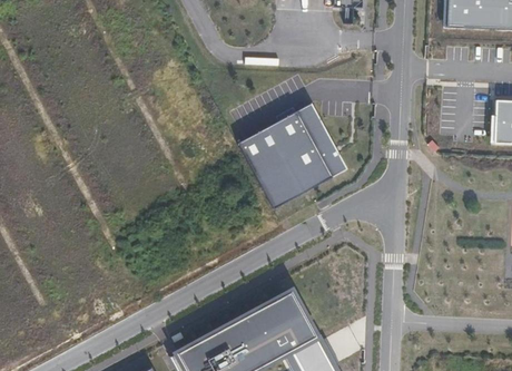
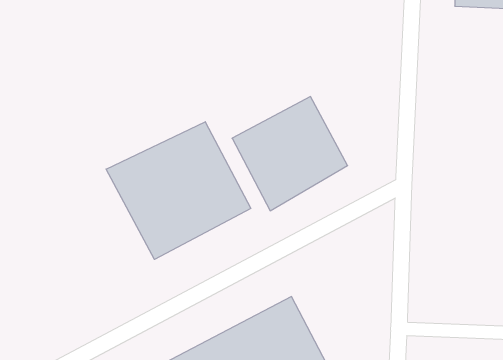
building: none -> [106,122,251,259]

